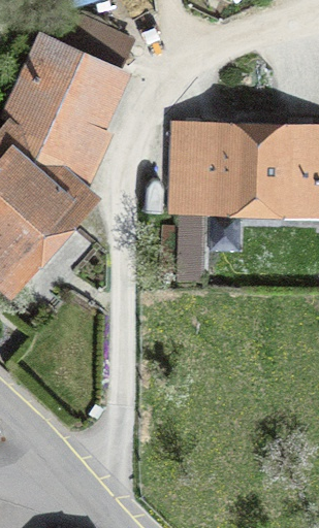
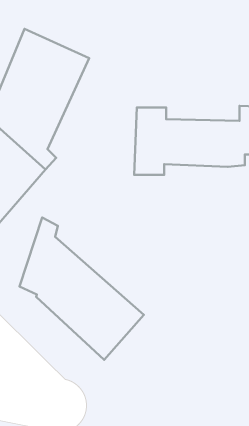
building: none -> [19,217,144,360]

